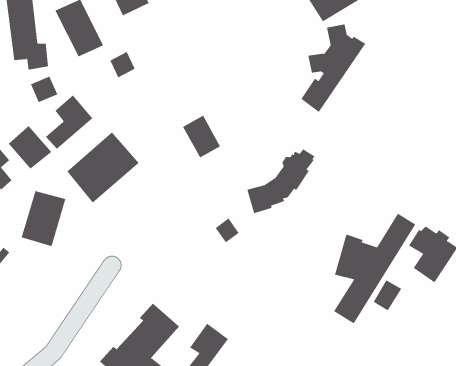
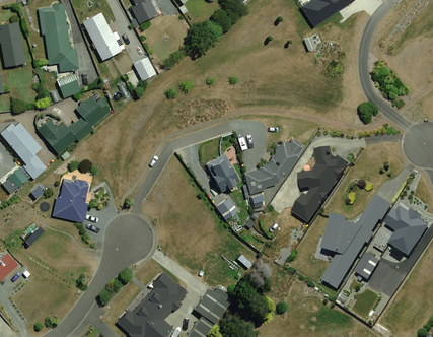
building: [301,24,366,113] -> [293,145,350,222]
building: [182,115,221,158] -> [209,154,242,192]
building: [67,132,139,204] -> none

